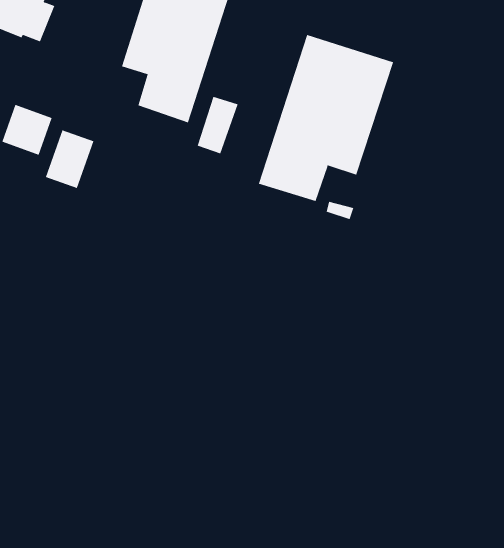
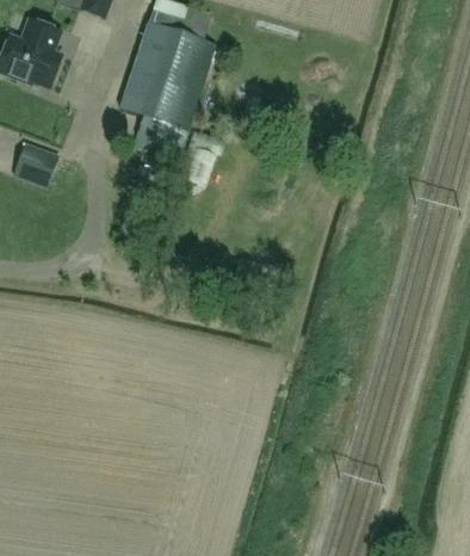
building: [258,34,394,202] -> none
building: [45,130,94,189] -> none

